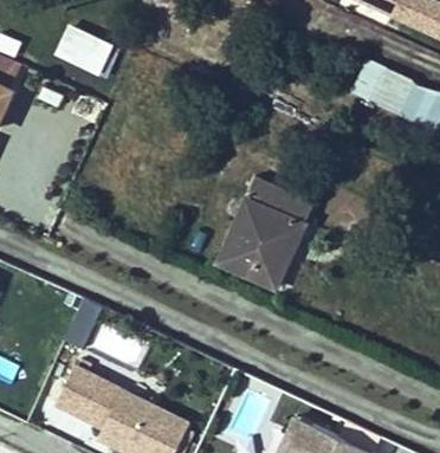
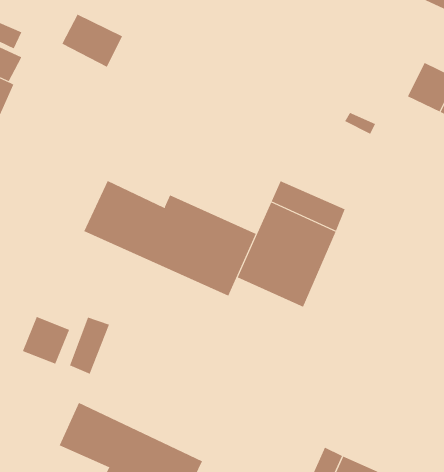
building: none -> [84,180,257,297]
building: none -> [22,316,70,365]

